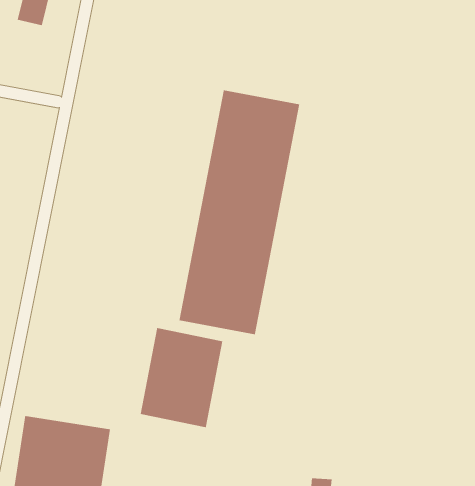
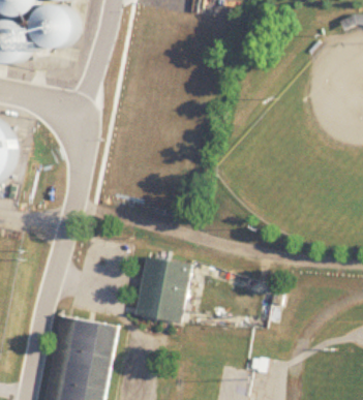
building: [179,90,300,335] -> none

